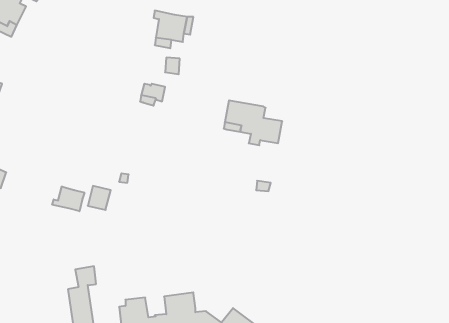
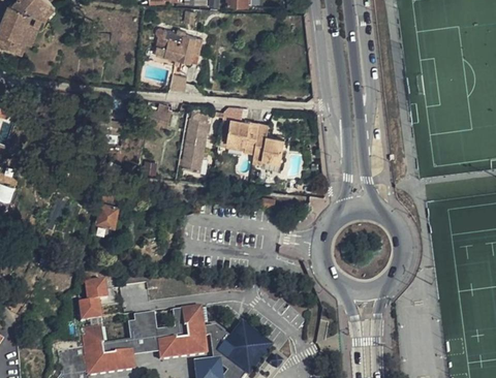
building: none -> [185,114,215,175]
building: [52,186,84,211] -> none

